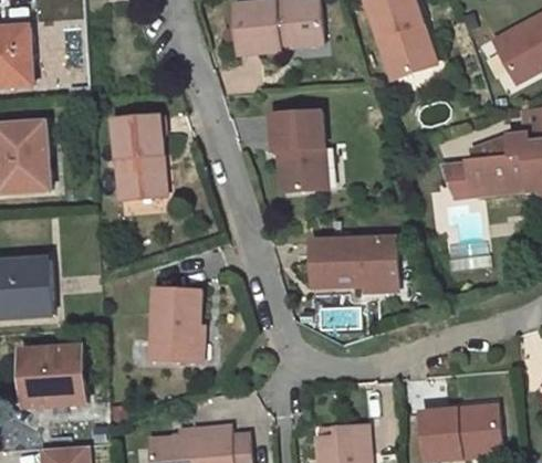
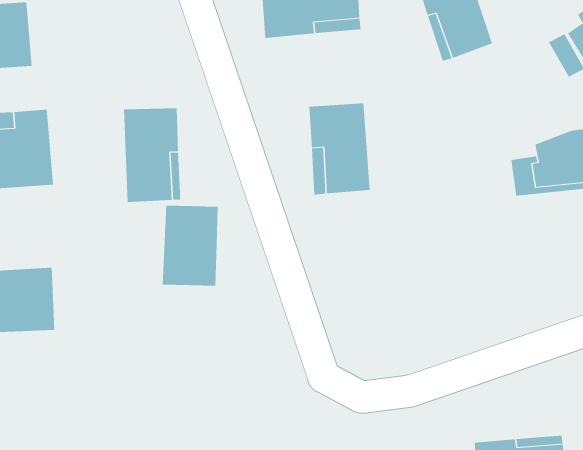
building: [313,236,400,285] -> none
building: [150,292,200,362] -> [162,205,219,286]
building: [21,346,86,404] -> none

